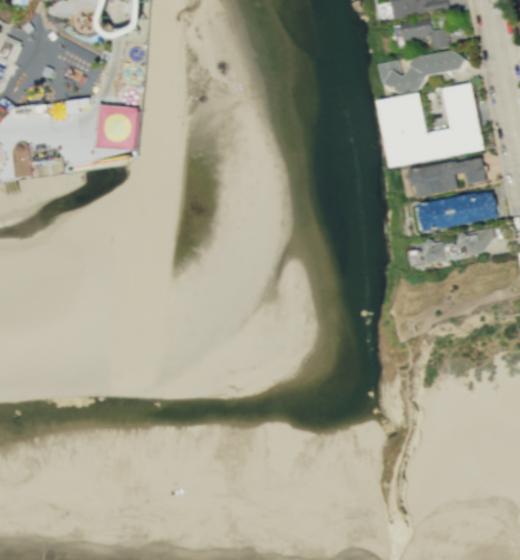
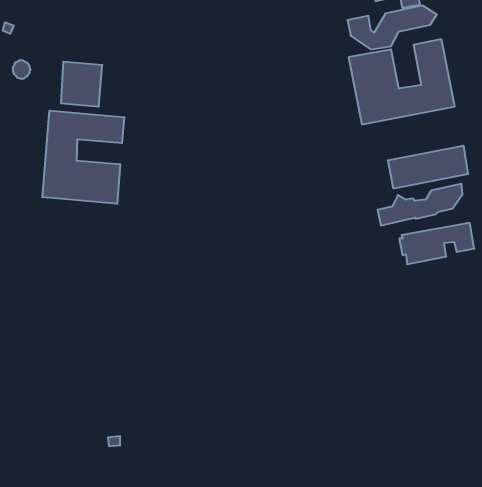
building: none -> [42,111,124,204]
building: [409,154,483,195] -> [399,223,474,264]

